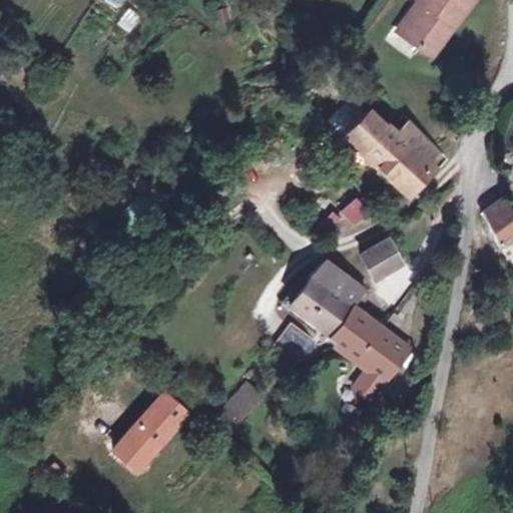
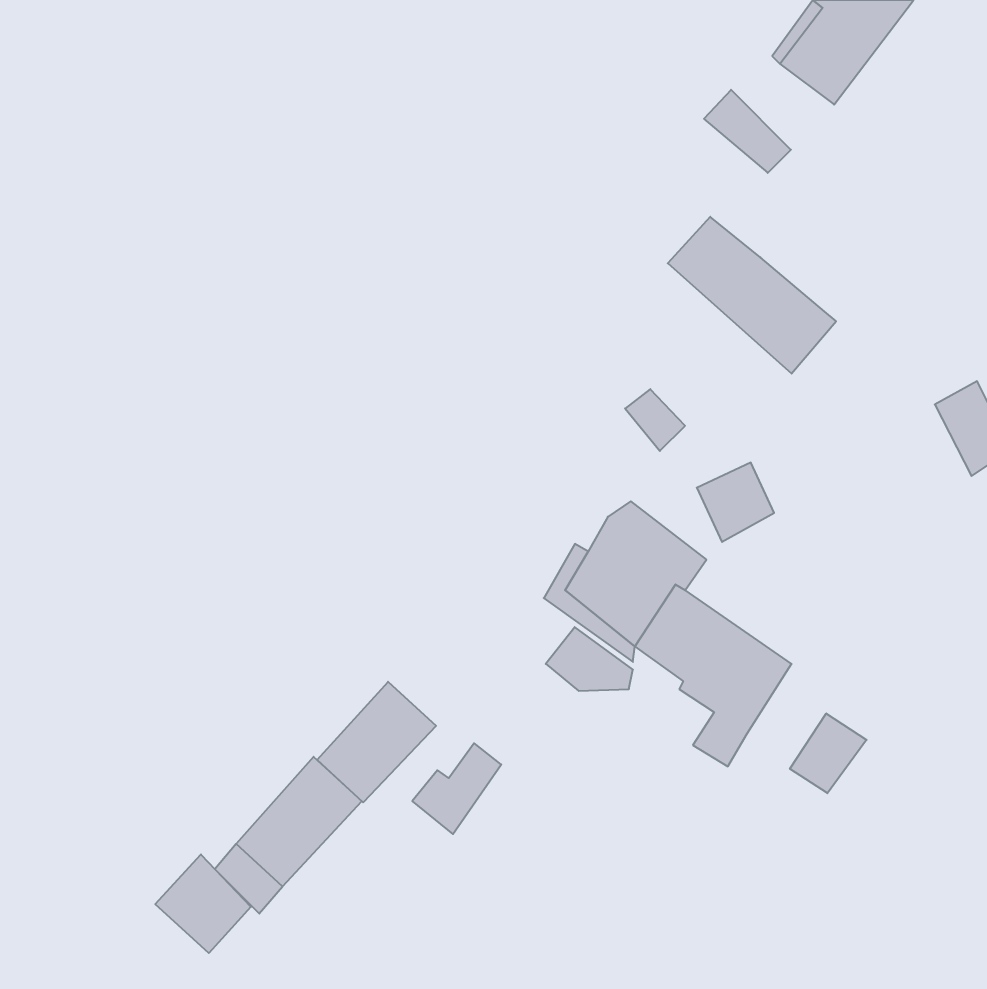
building: [395,118,440,161] -> [704,90,791,173]
building: none -> [317,682,436,802]
building: none -> [790,713,867,793]
building: none -> [155,854,251,953]

